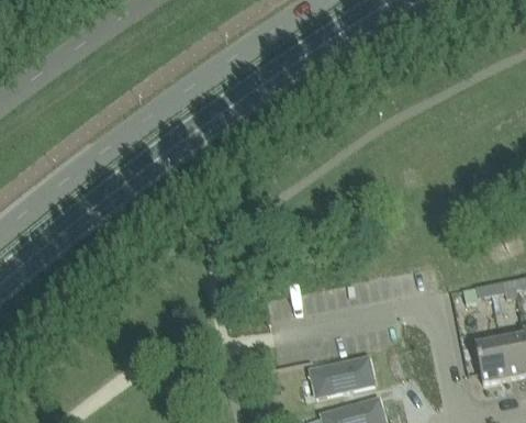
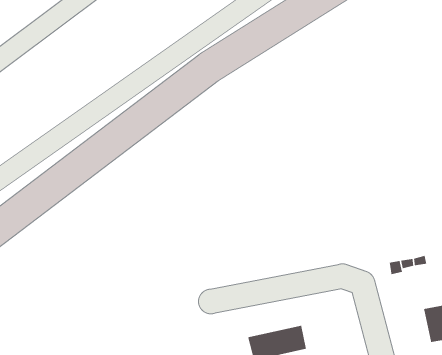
building: [475,338,508,381] -> none

